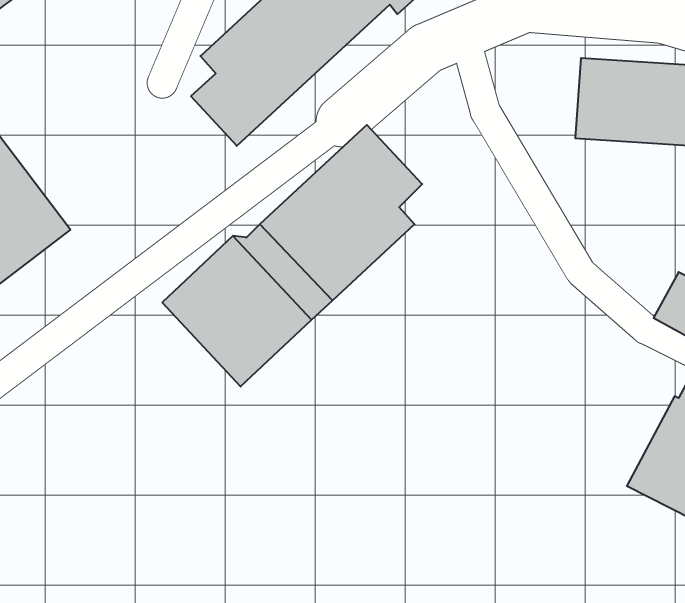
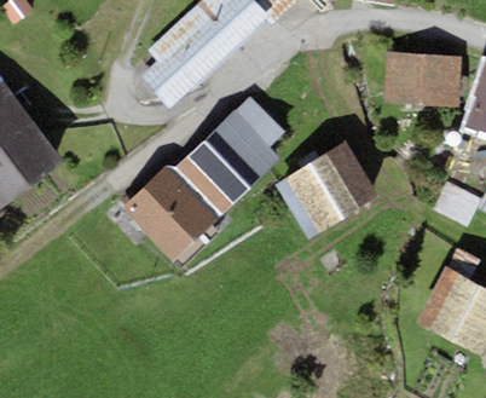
building: none -> [274,142,378,238]

